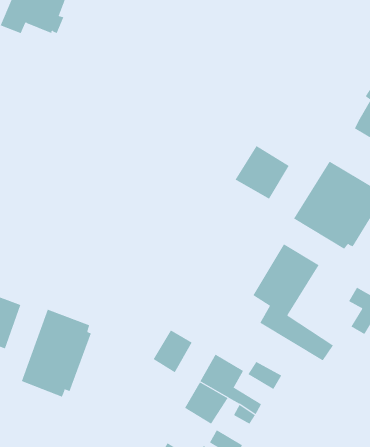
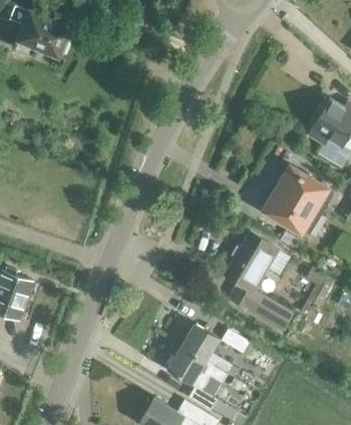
building: [235,145,290,200] -> none
building: [21,309,91,397] -> none
building: [153,330,193,373] -> none

